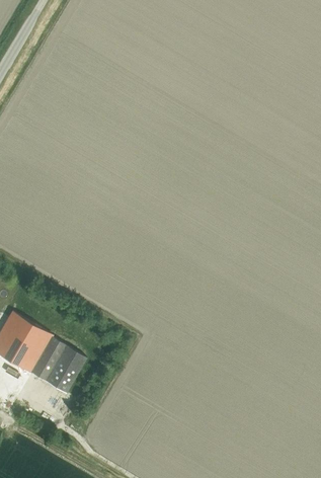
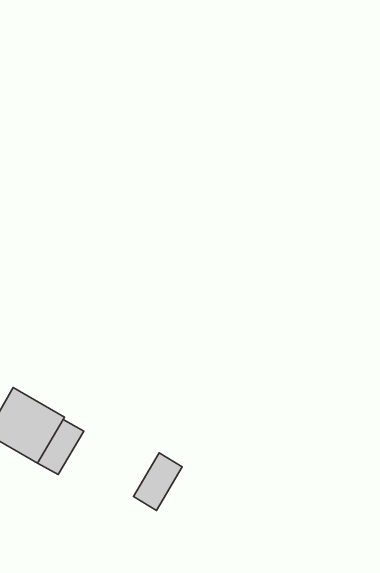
building: [49,346,87,392] -> [133,453,182,510]

